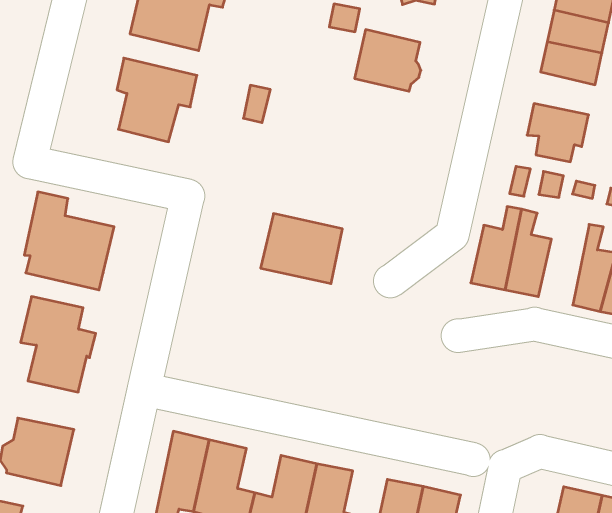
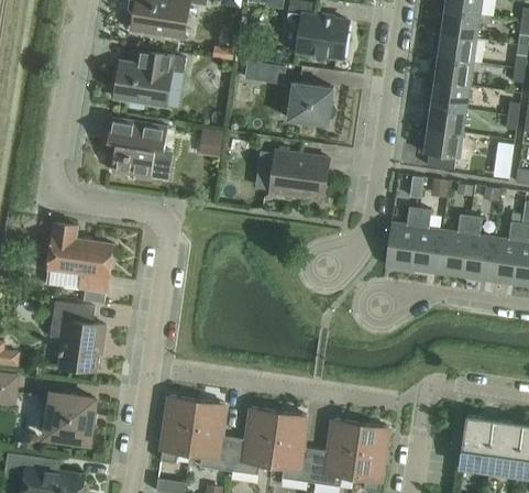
building: none -> [422,103,467,133]
building: [261,214,342,284] -> [269,151,329,200]
building: none -> [437,213,471,277]

